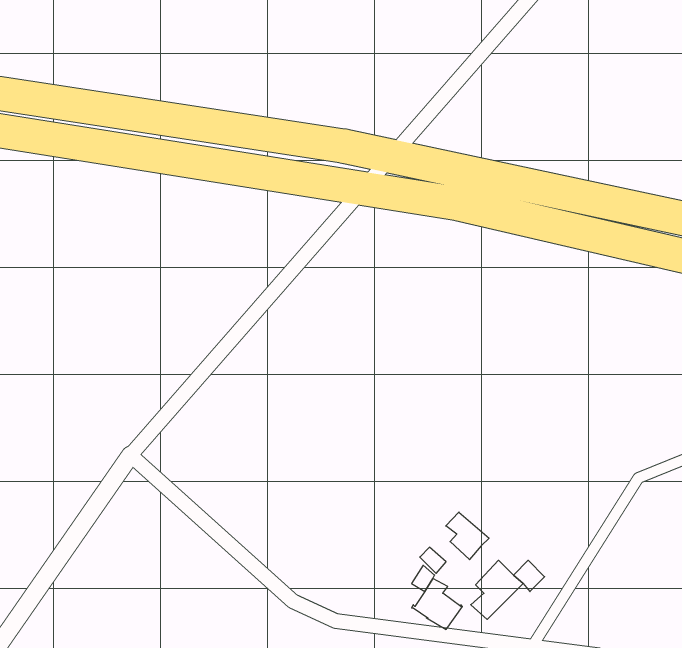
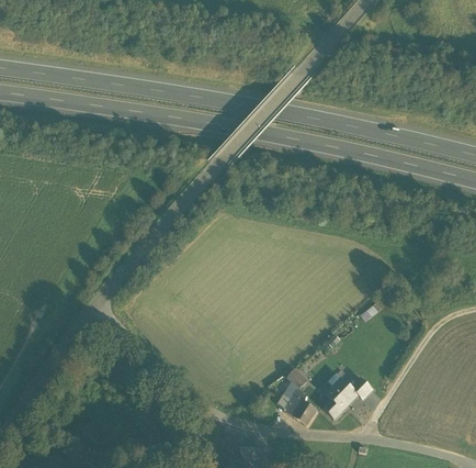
building: [446,512,489,560] -> none

